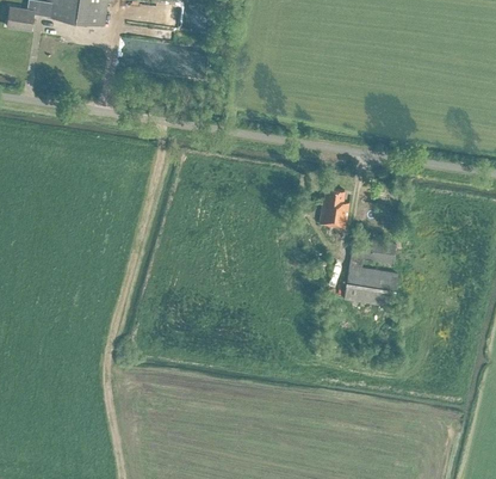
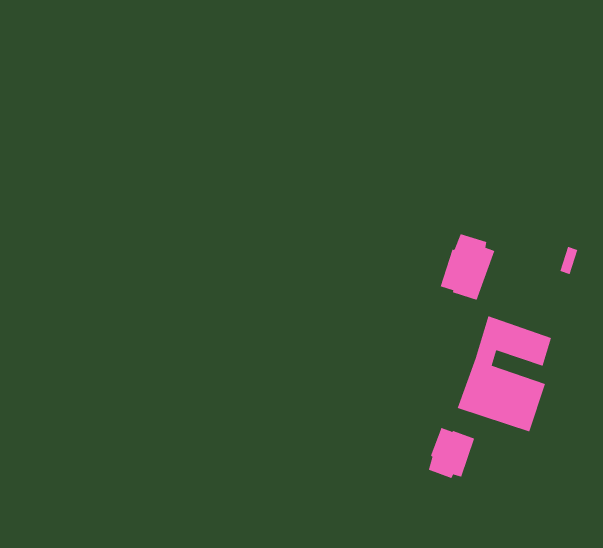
building: none -> [428,427,475,479]

